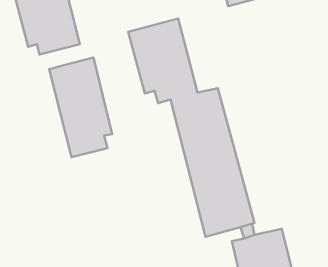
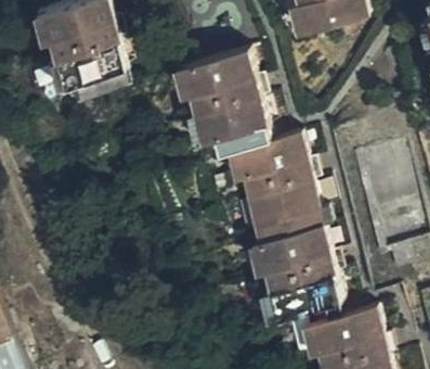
building: [49,58,112,157] -> none

